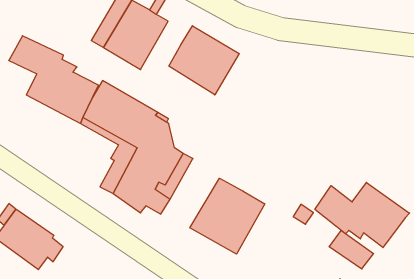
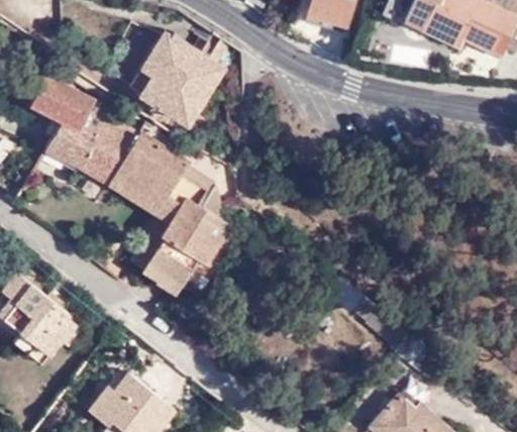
building: [169,26,239,95] -> none
building: [190,178,265,254] -> none
building: [315,182,410,248] -> none

